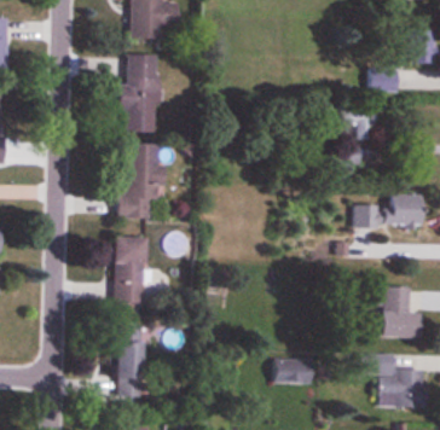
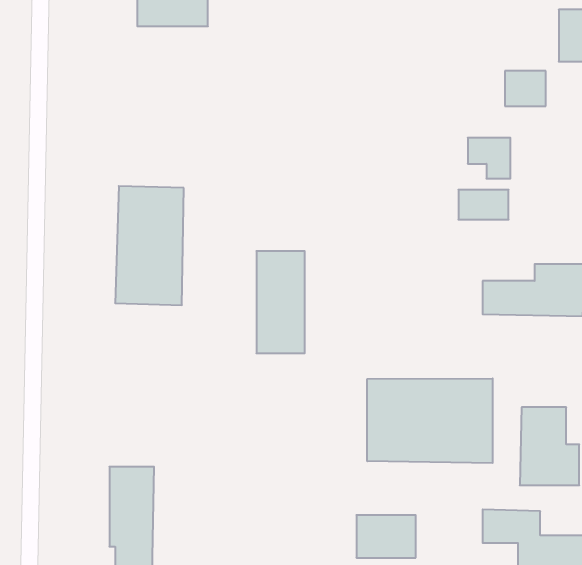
building: [121,53,158,133] -> none
building: [114,236,145,302] -> [256,251,305,353]
building: none -> [367,378,493,463]

